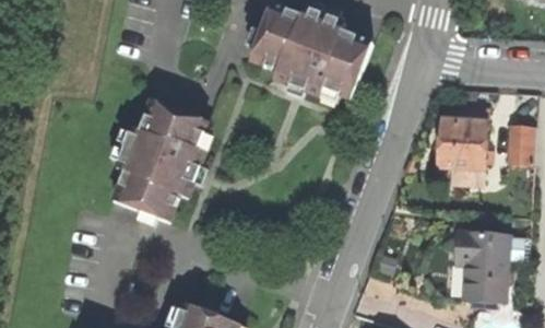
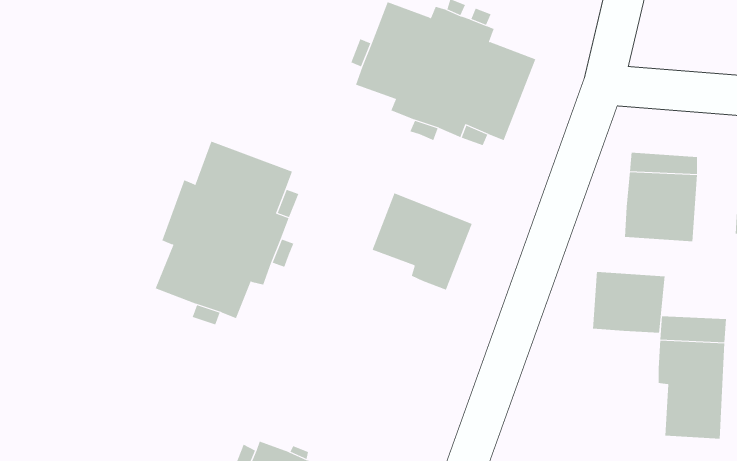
building: none -> [372,193,473,291]
building: none -> [593,271,665,334]

